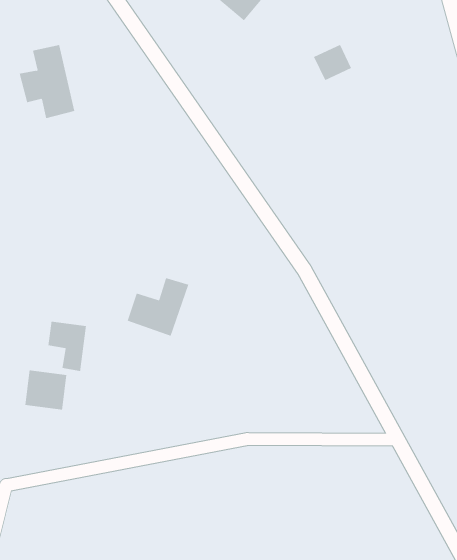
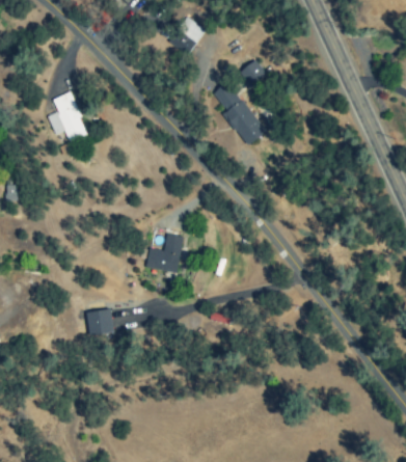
building: none -> [213,80,266,145]
building: [48,321,86,372] -> none

